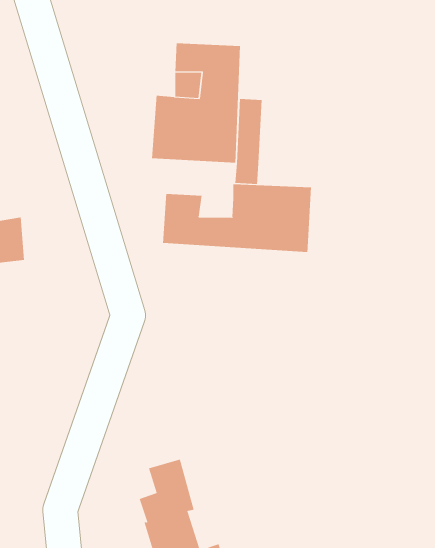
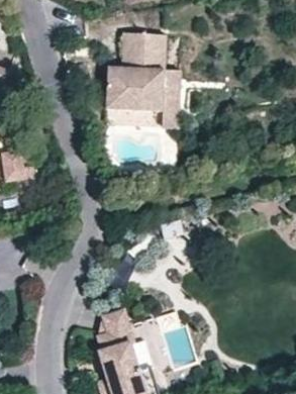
building: [162,184,312,253] -> none

